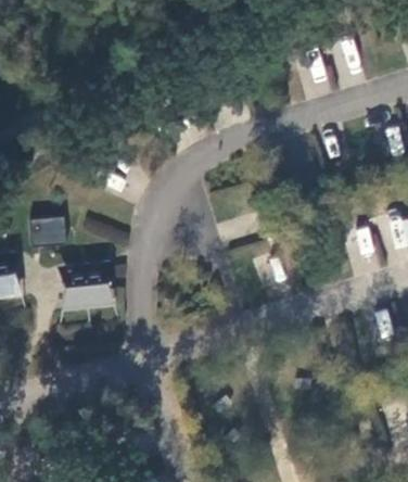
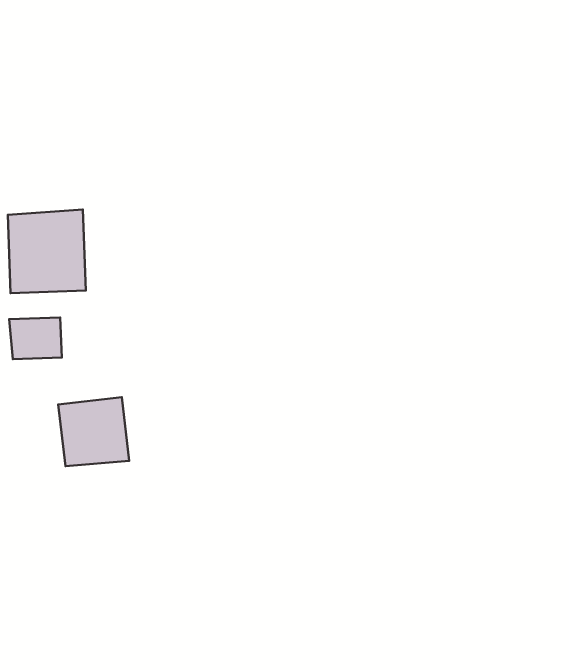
building: none -> [8,210,86,293]

